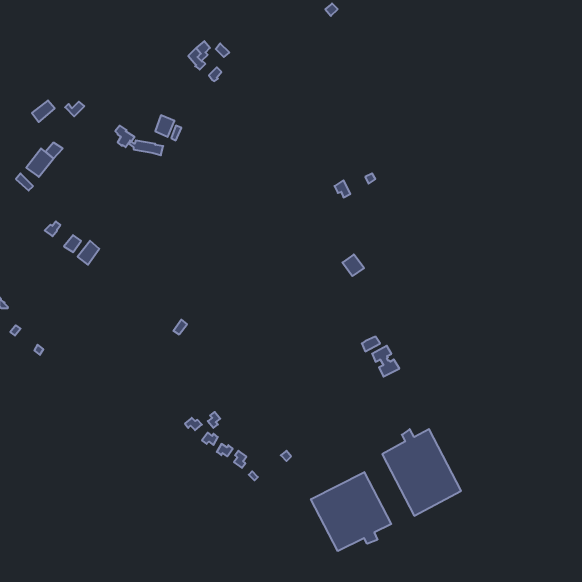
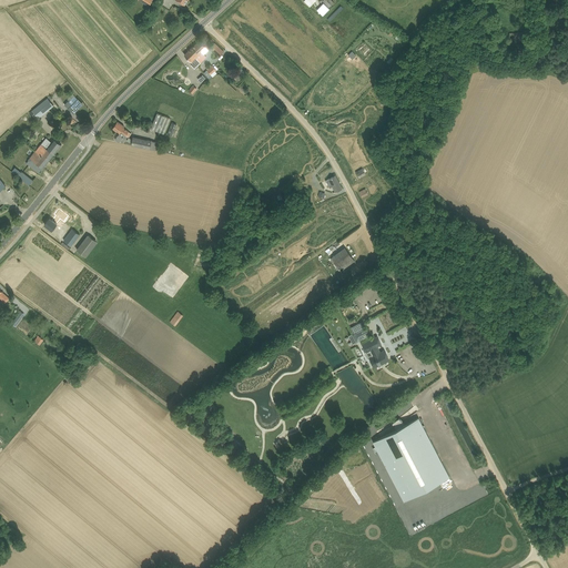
building: [311,472,391,551] -> none

